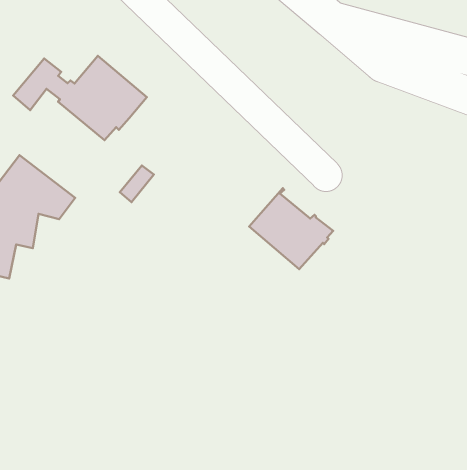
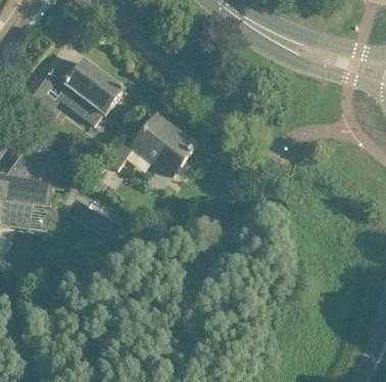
building: [249,188,333,269] -> [131,115,193,175]

